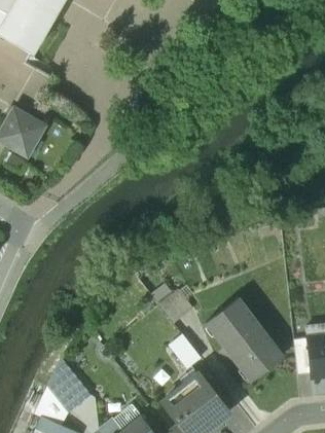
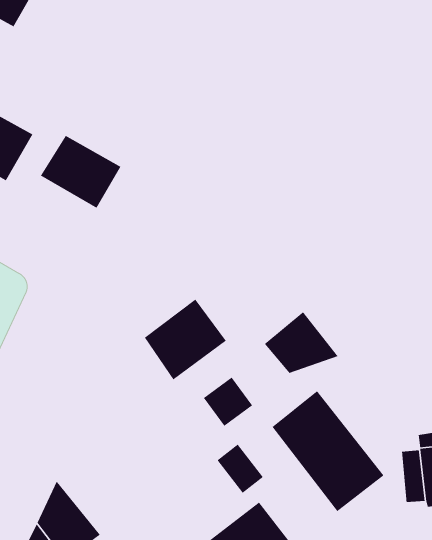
building: none -> [40,135,121,209]
building: none -> [144,298,227,380]
building: none -> [264,311,339,374]

